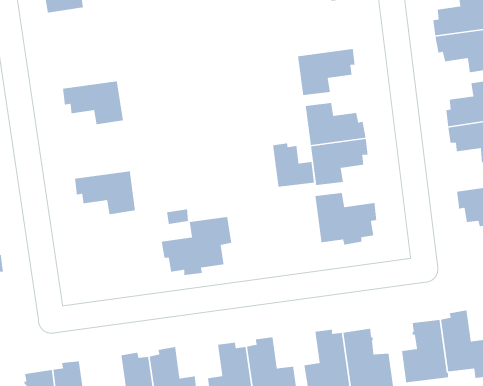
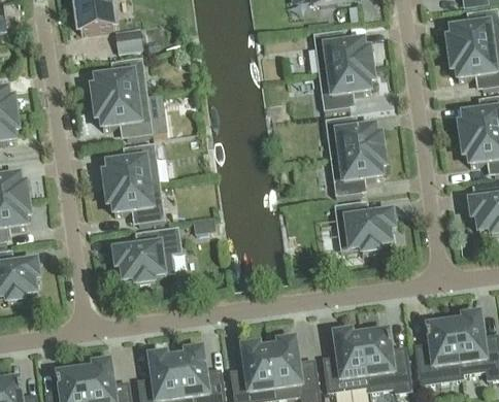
building: none -> [114,25,142,51]
building: none -> [312,28,371,70]
building: none -> [91,56,146,101]
building: none -> [103,141,159,187]
building: [272,142,315,187] -> none
building: [161,216,232,276] -> [113,225,181,281]

